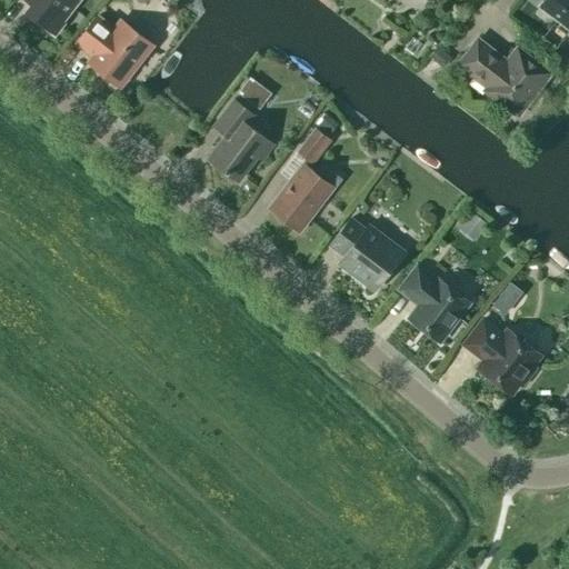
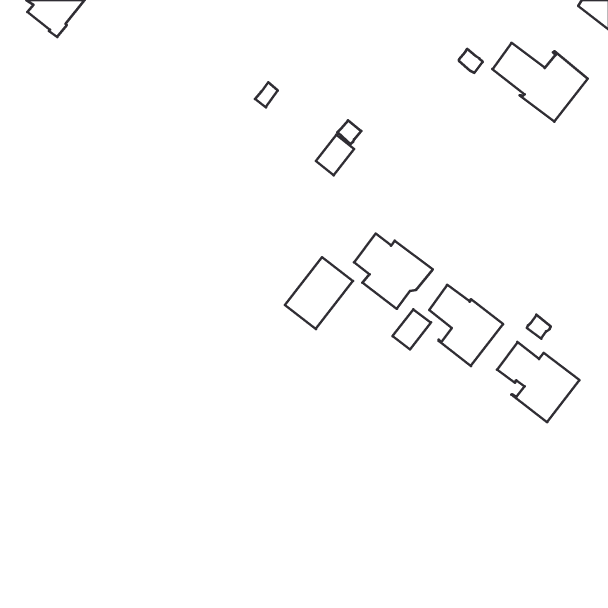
building: [77,18,152,88] -> none
building: [208,100,274,181] -> none
building: [270,166,333,232] -> [285,257,353,329]
building: none -> [393,309,431,349]

